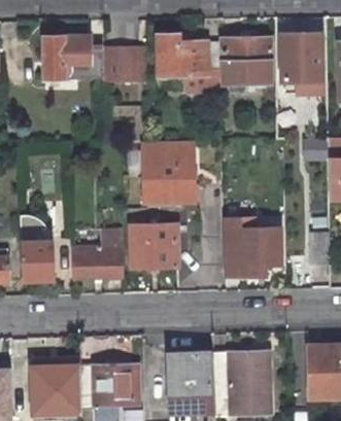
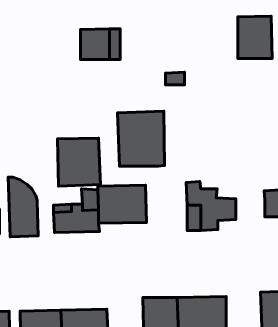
building: [159,33,219,74] -> none
building: [45,36,102,80] -> none
building: [224,38,271,83] -> none
building: none -> [58,138,100,186]

